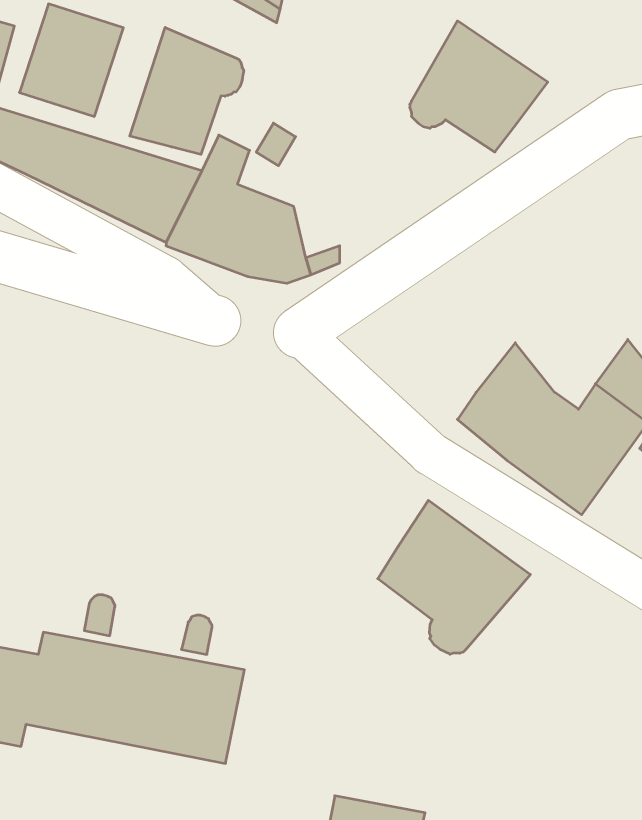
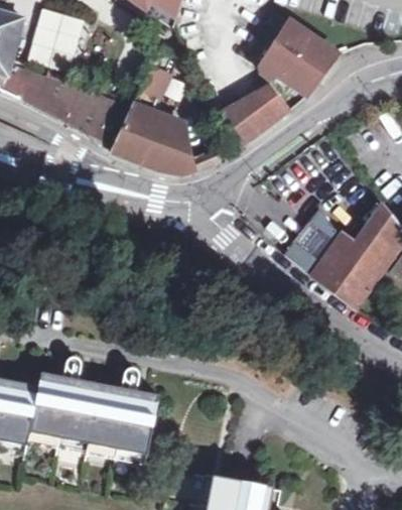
building: [130,27,244,154] -> none
building: none -> [224,84,291,141]
building: [378,500,530,654] -> none

